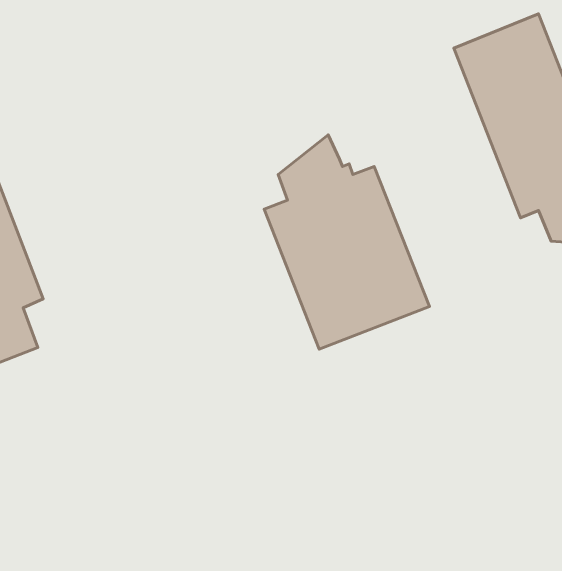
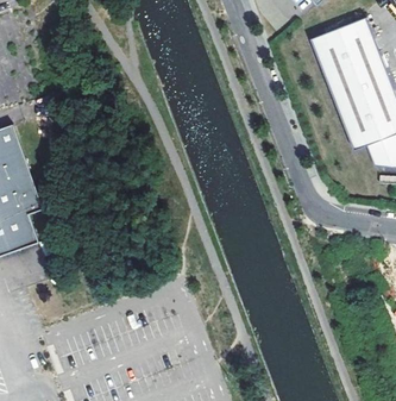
building: [264,135,429,349] -> none

